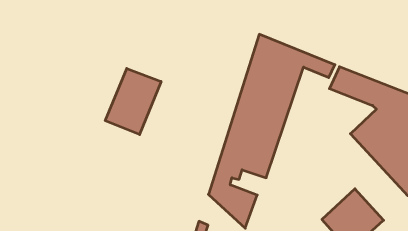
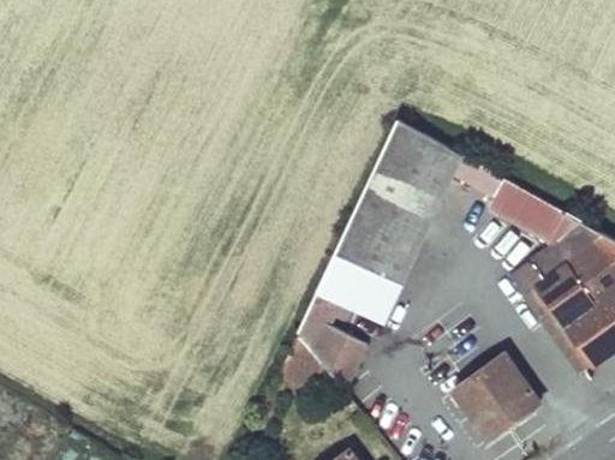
building: [105,68,161,135] -> none

